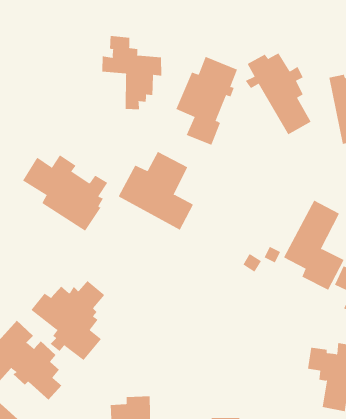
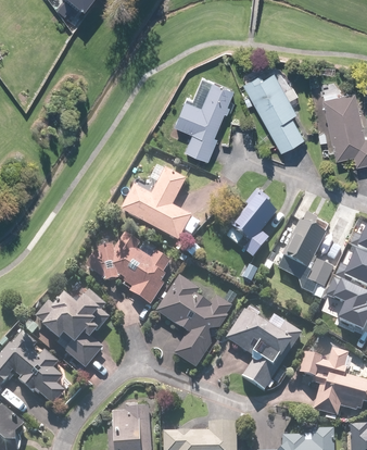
building: [102,35,162,110] -> none
building: [22,154,108,231] -> [88,232,170,305]
building: none -> [227,190,277,258]
building: none -> [155,276,237,367]
building: none -> [226,308,301,391]

